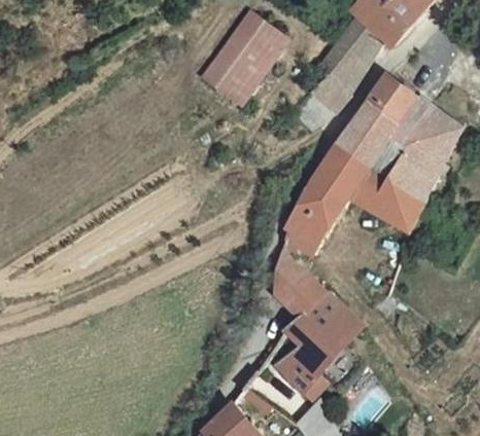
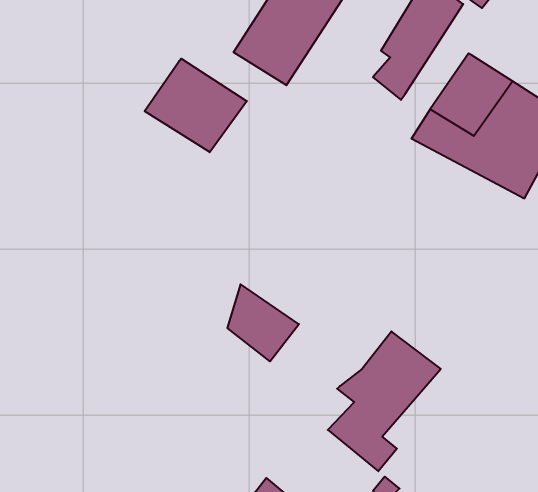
building: none -> [145,59,247,152]
building: [287,143,428,249] -> none
building: [270,261,325,321] -> [227,284,299,361]

